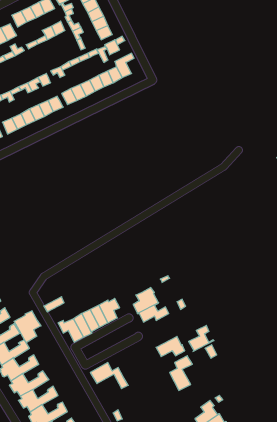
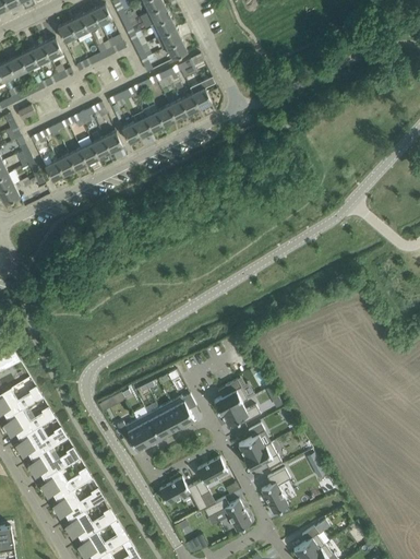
building: [14,311,41,343] -> none
building: [189,325,214,351] -> [238,425,271,459]
building: none -> [194,459,227,497]
building: none -> [203,499,251,532]

